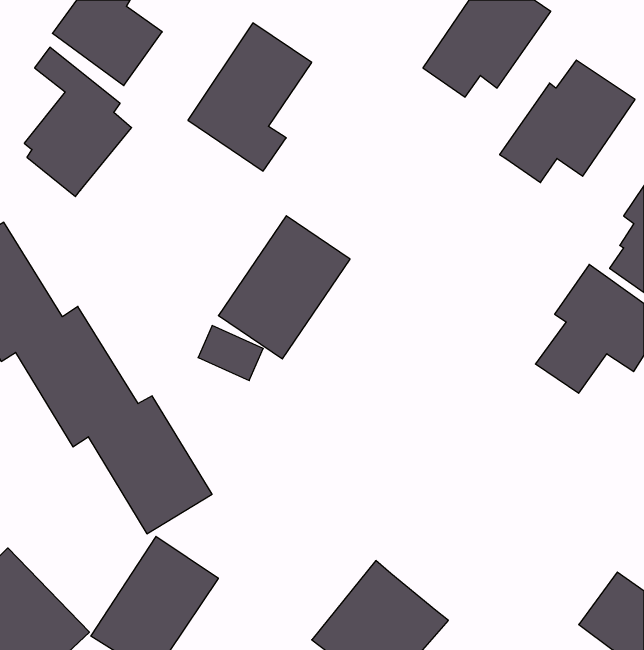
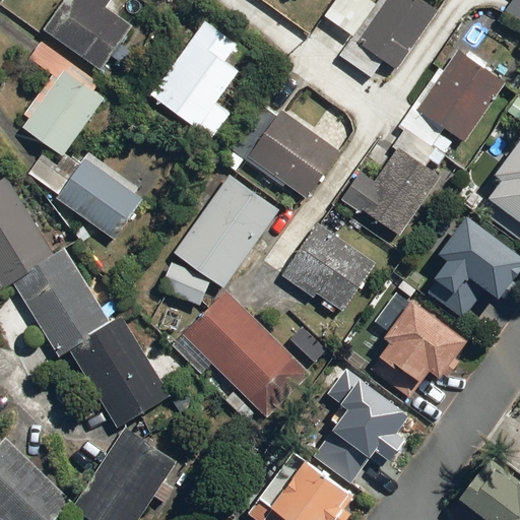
building: none -> [239,109,339,198]
building: none -> [339,128,445,238]
building: none -> [25,149,146,241]
building: none -> [275,220,376,312]
building: none -> [174,290,309,421]
building: none -> [375,296,472,395]
building: none -> [311,375,416,488]

